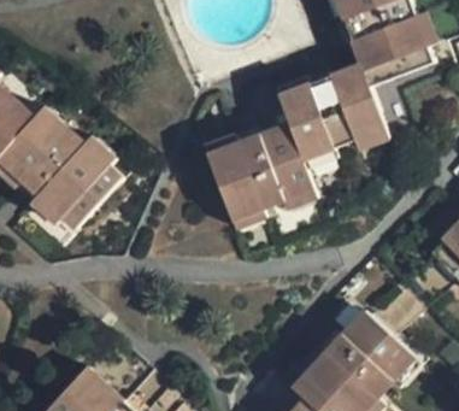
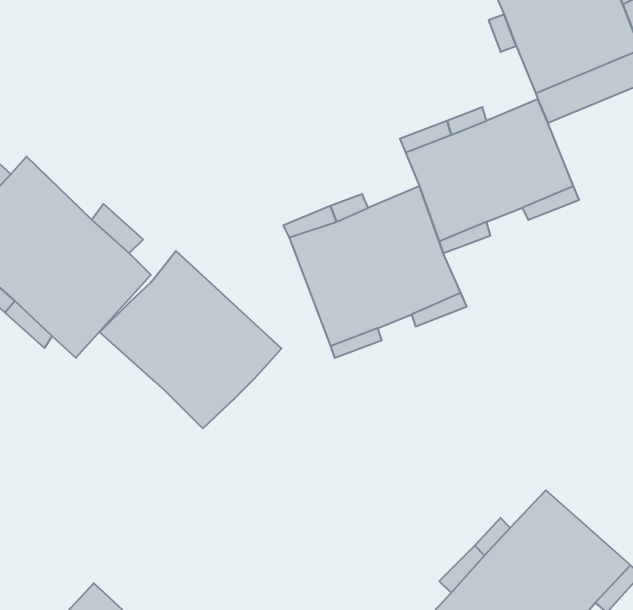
building: none -> [99,251,282,428]

